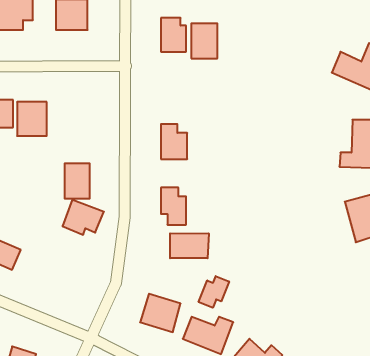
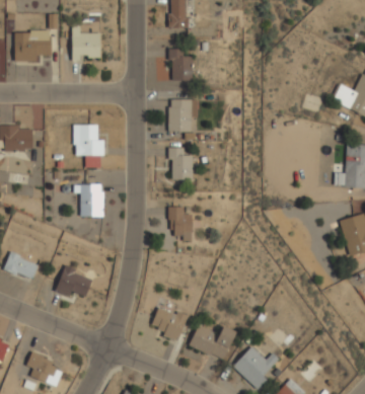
building: [191,23,217,58] -> [168,99,193,132]
building: [17,102,47,136] -> [75,125,102,156]
building: [62,200,104,235] -> [56,266,94,299]
building: [170,233,209,258] -> none
building: [199,276,229,308] -> none

